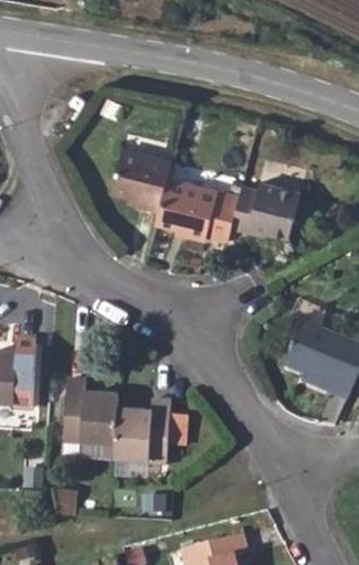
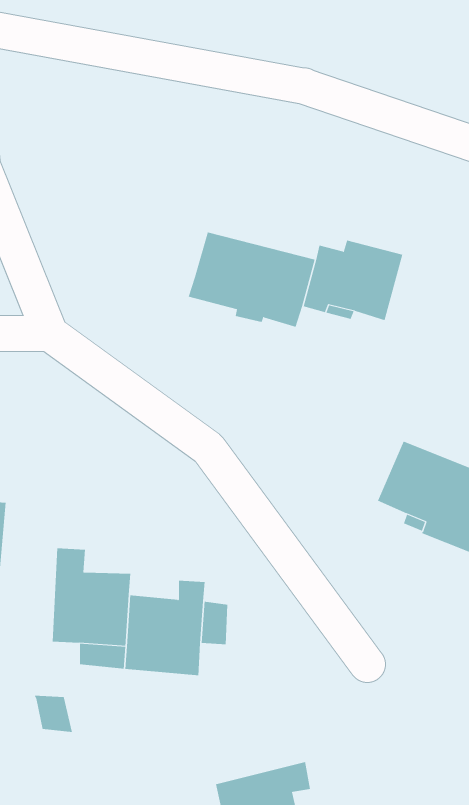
building: [105,140,176,204] -> none

